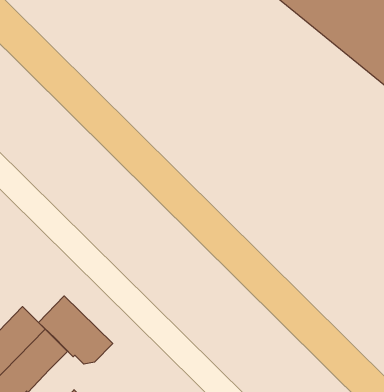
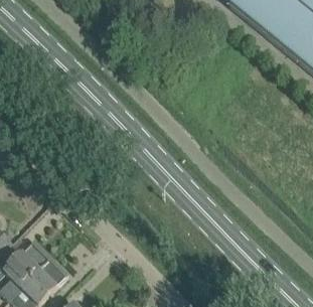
building: [39,296,113,364] -> none

